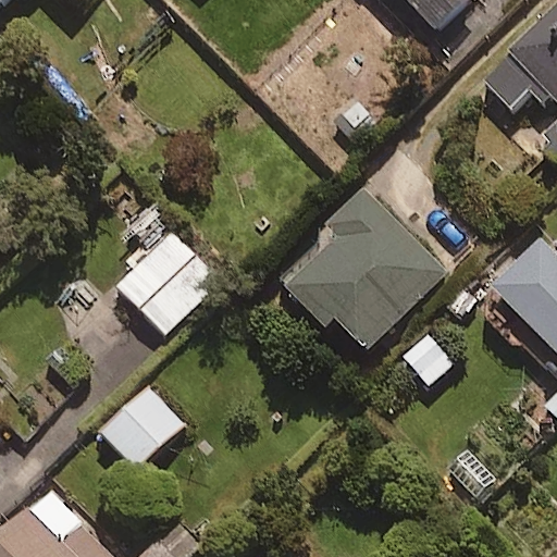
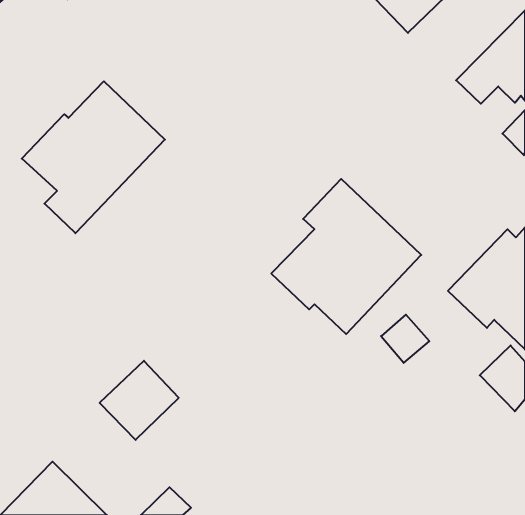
building: none -> [22,81,165,233]
building: [122,231,220,329] -> none

